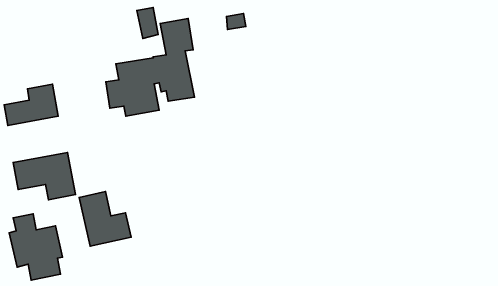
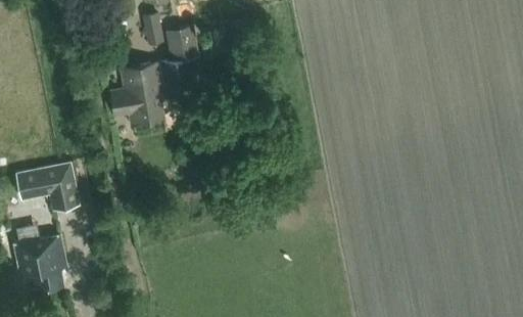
building: [4,84,58,125] -> none
building: [79,192,131,246] -> none

